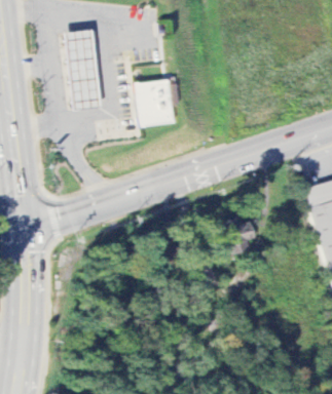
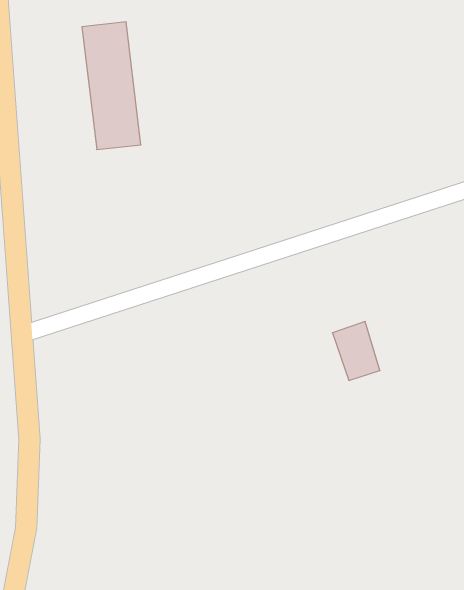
building: [134,79,178,127] -> none

